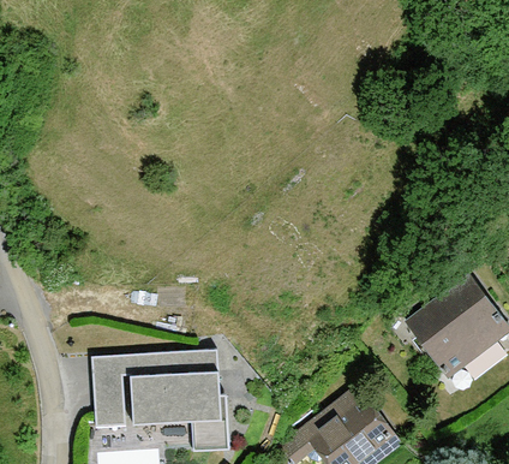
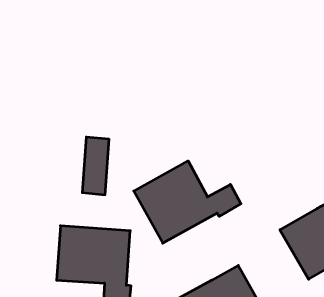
building: none -> [134,161,241,243]
building: [91,357,125,428] -> [82,137,109,195]

